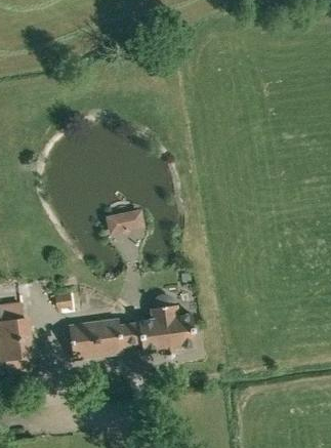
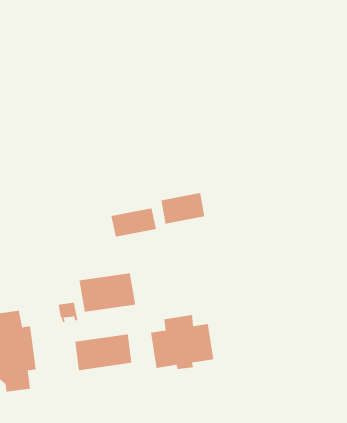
building: none -> [161,192,205,224]
building: none -> [79,272,136,313]

